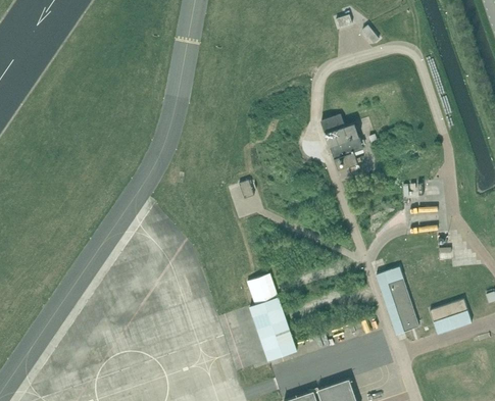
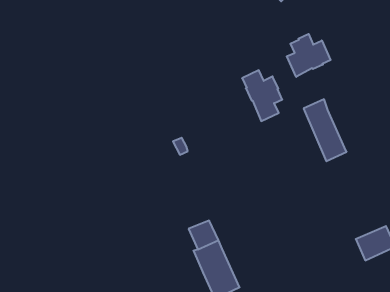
building: none -> [287,34,331,77]
building: [377,266,419,335] -> [304,99,347,161]

